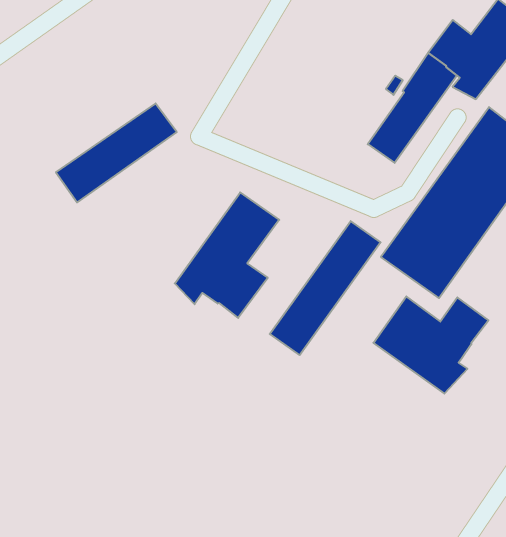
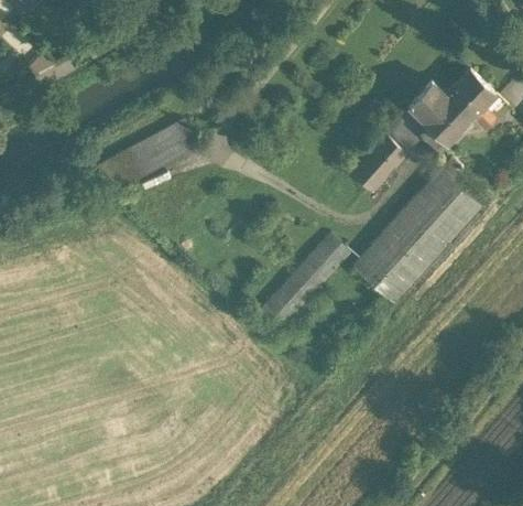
building: [175,192,279,318] -> none
building: [373,296,488,394] -> none

